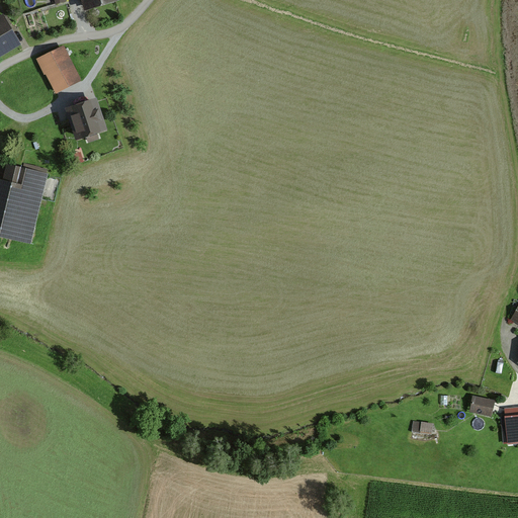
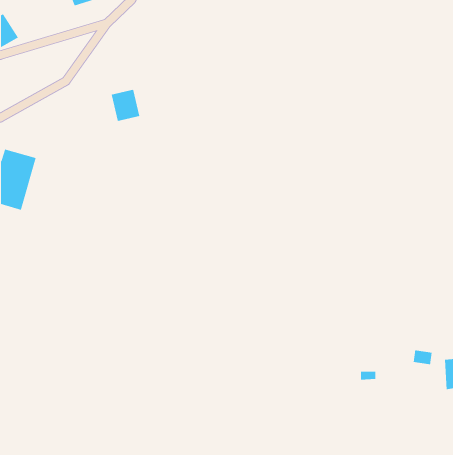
building: [40,46,77,88] -> none
building: [69,102,102,139] -> [111,89,140,121]

